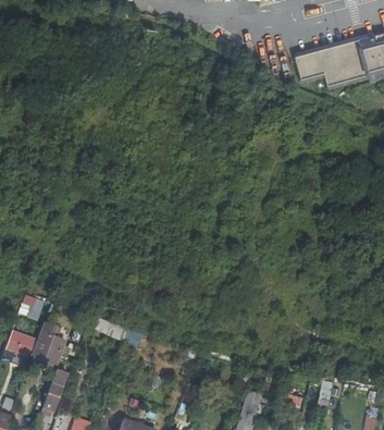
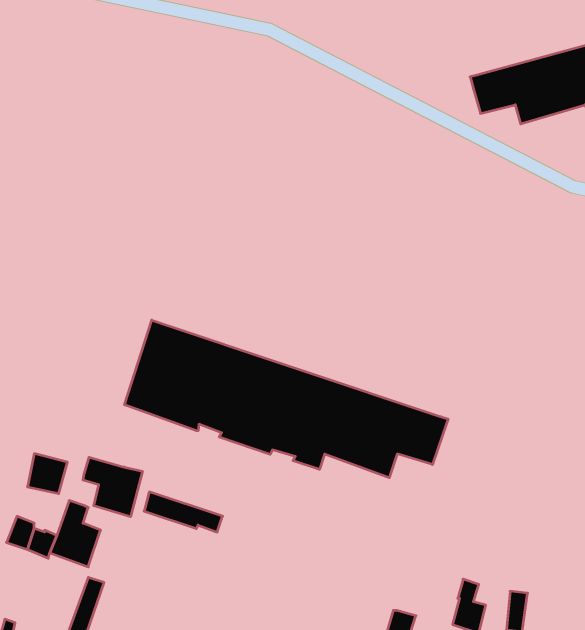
building: none -> [125,320,448,478]
building: none -> [83,457,142,517]

